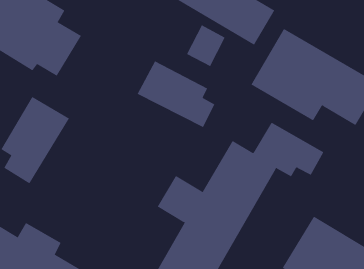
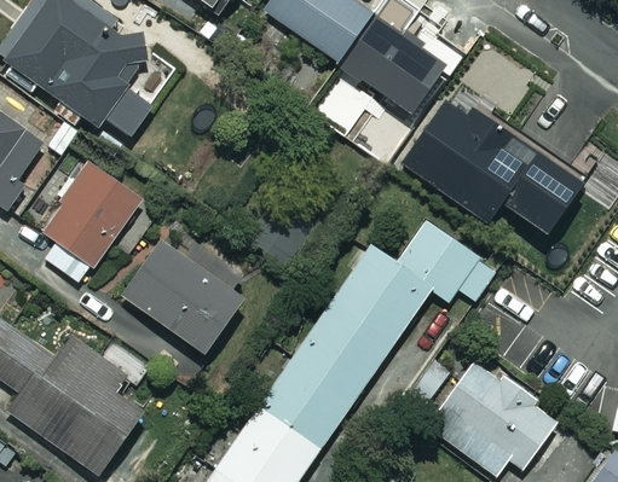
building: [137,61,215,128] -> none
building: none -> [122,227,253,354]

